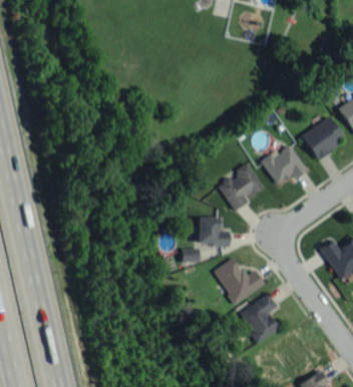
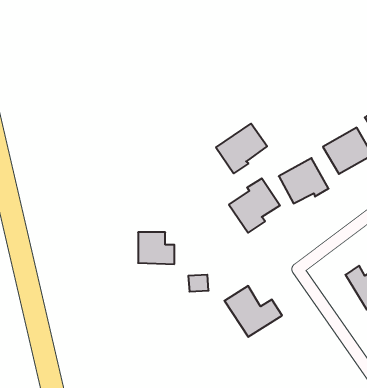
building: none -> [216,124,267,173]
building: [198,218,230,246] -> [138,232,174,264]
building: [239,294,279,343] -> none

